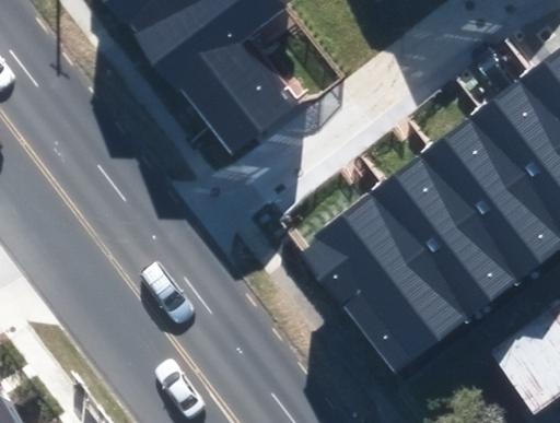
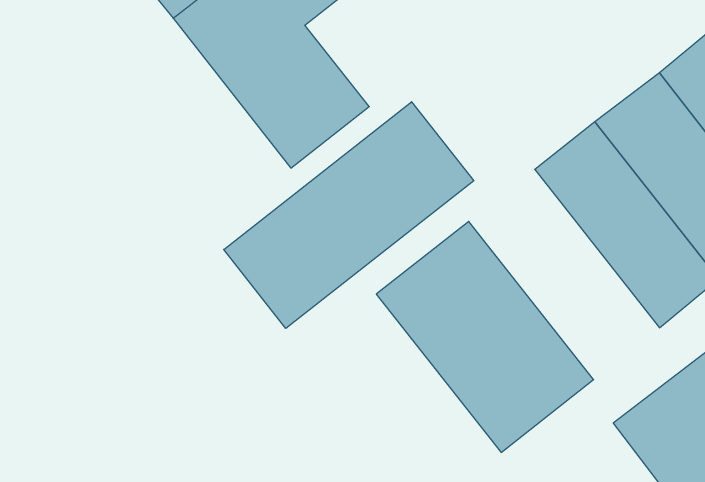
building: none -> [224,102,474,328]
building: [373,155,522,319] -> none

